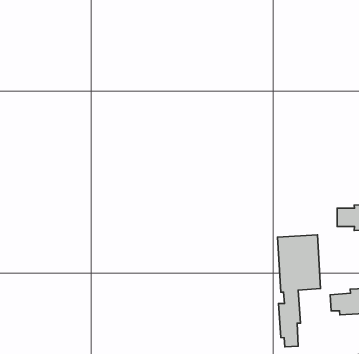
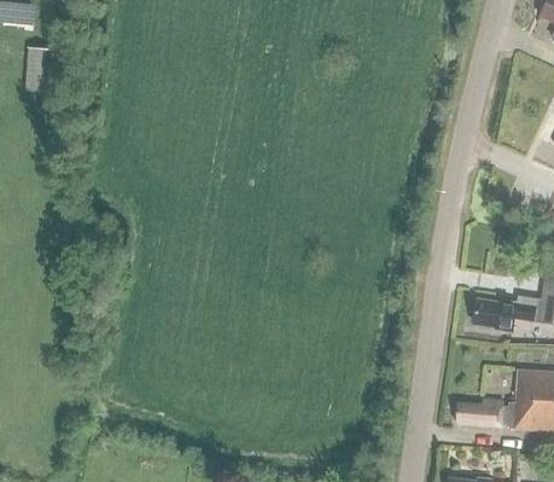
building: [278,235,321,347] -> none

